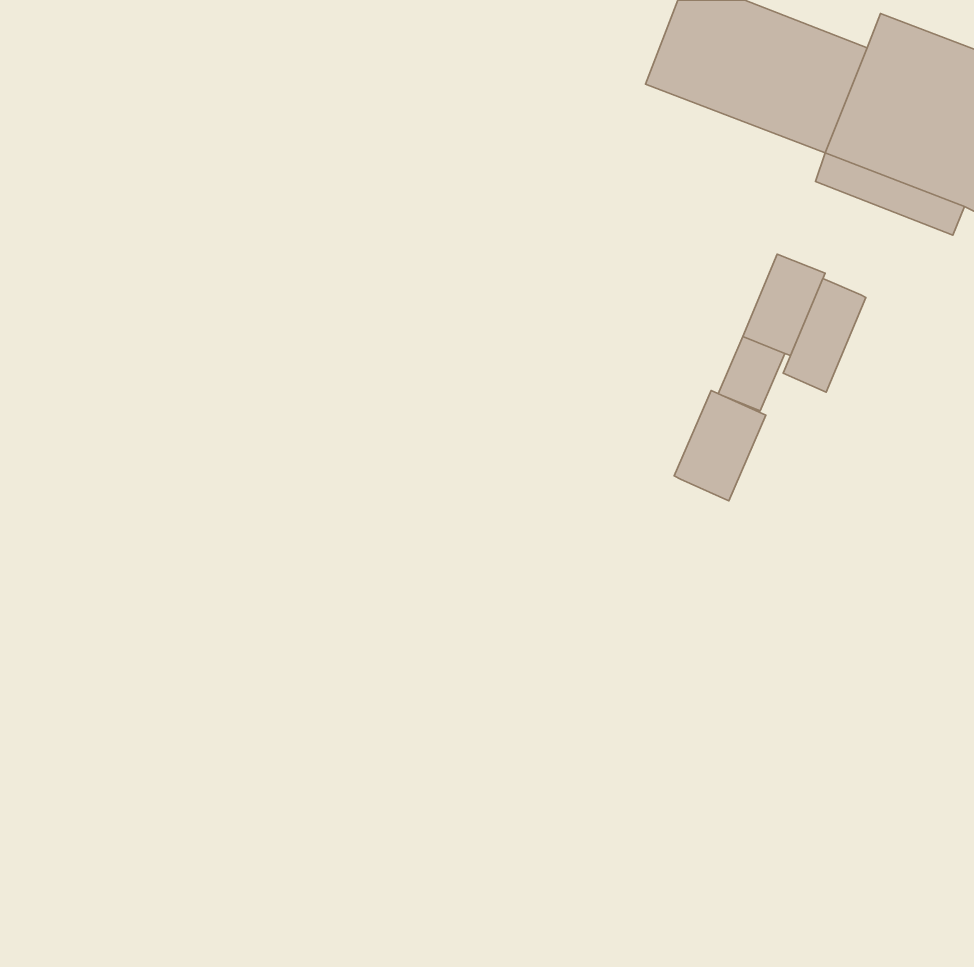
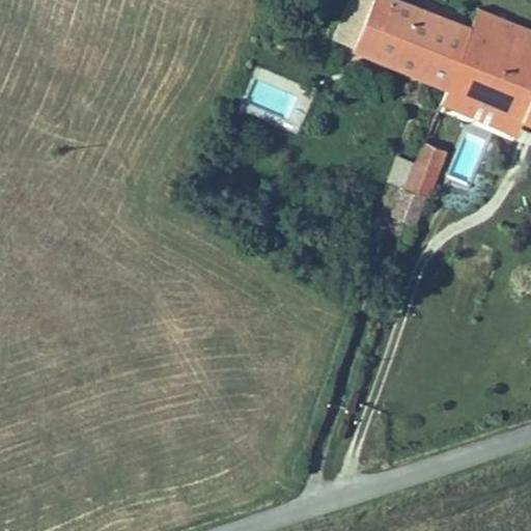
building: [783,278,866,392] -> none
building: [674,391,766,501] -> none

